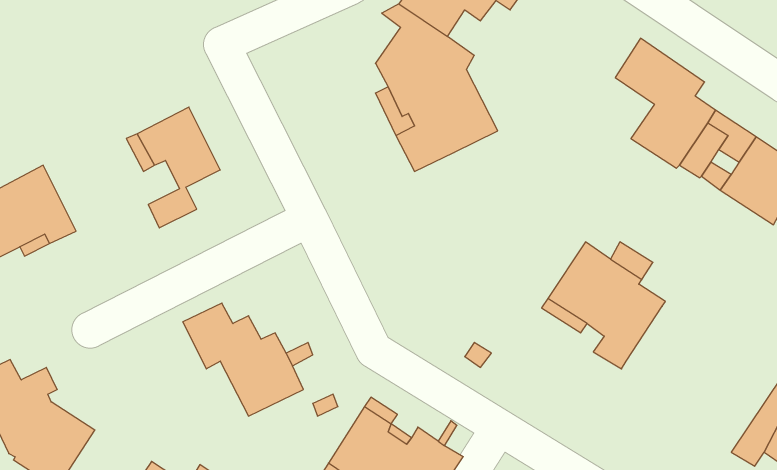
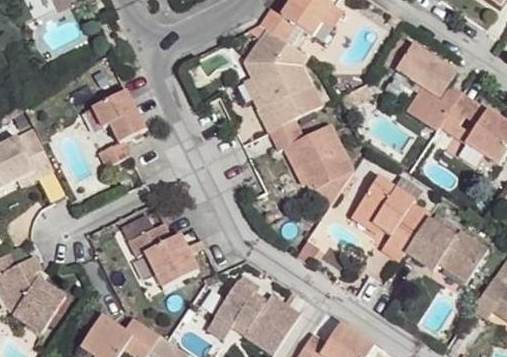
building: none -> [269,119,353,204]
building: none -> [404,213,487,281]

